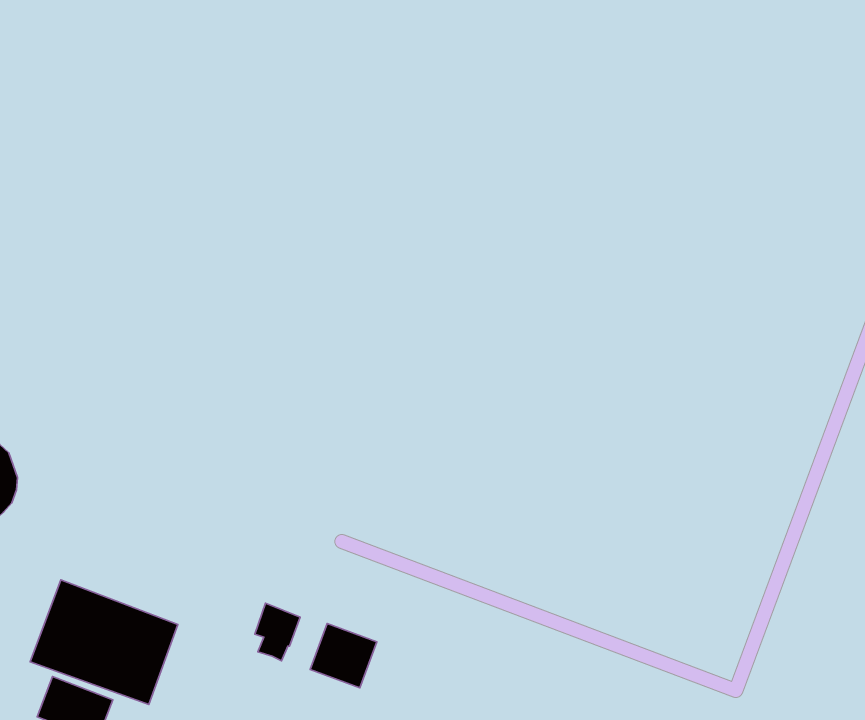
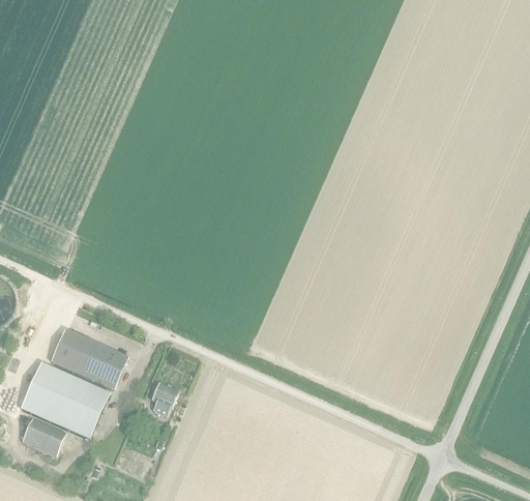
building: none -> [51,329,127,389]
building: [310,623,377,688] -> none

